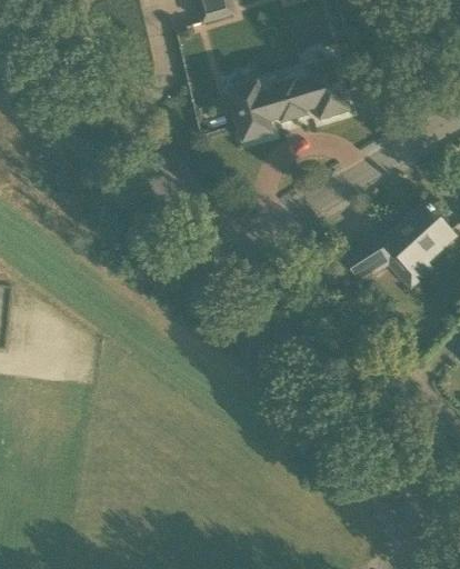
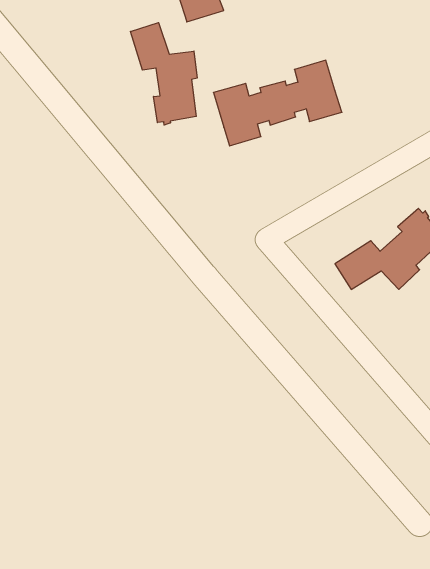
building: none -> [130,23,197,125]

